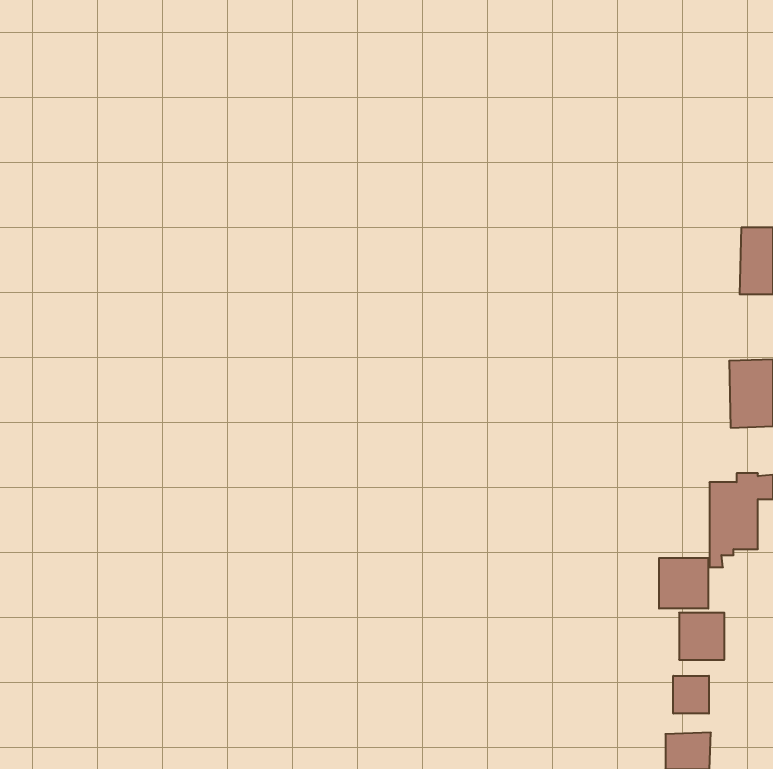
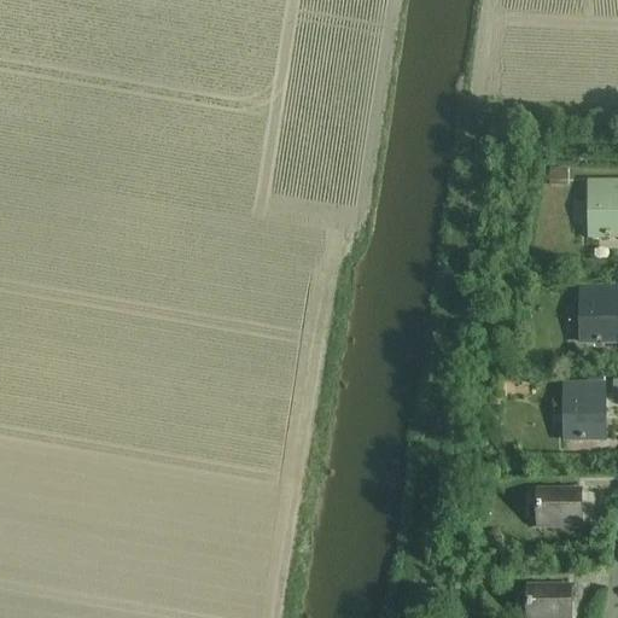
building: [659,558,708,609] -> none
building: [673,676,709,714] -> none

